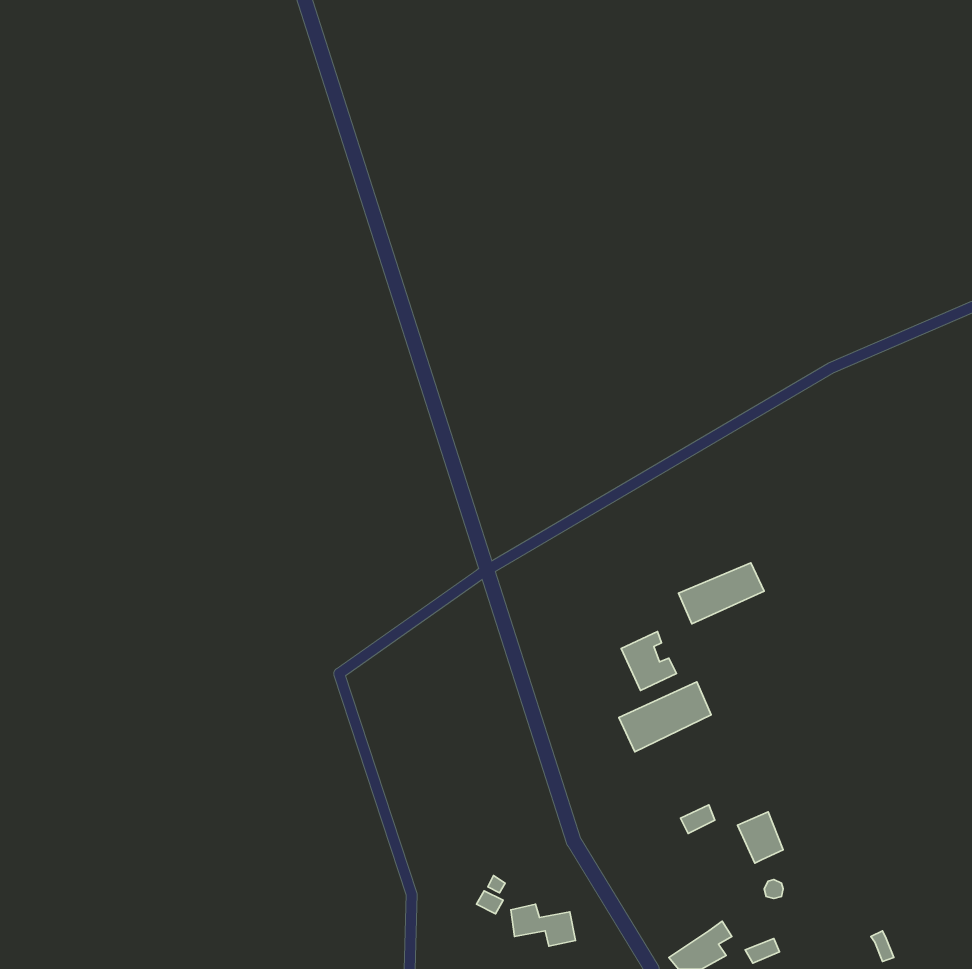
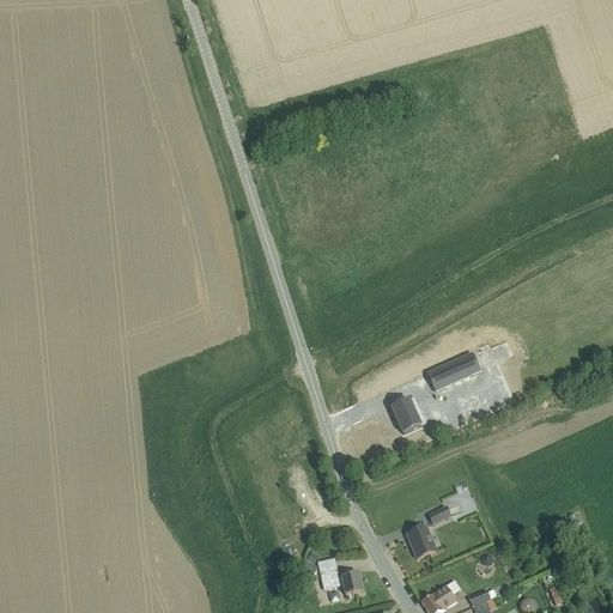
building: [619,682,711,752] -> none
building: [738,812,783,863] -> [406,524,435,557]

